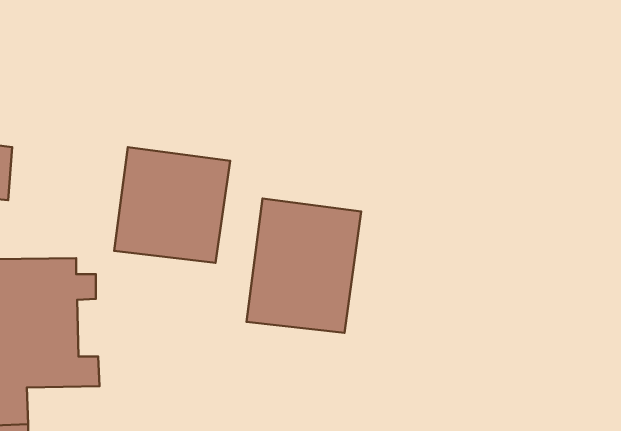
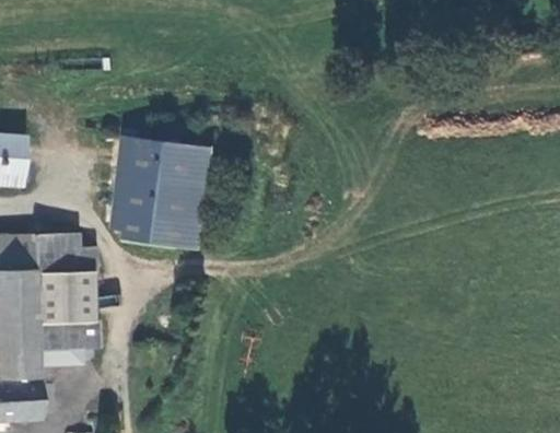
building: [246,199,361,333] -> none

